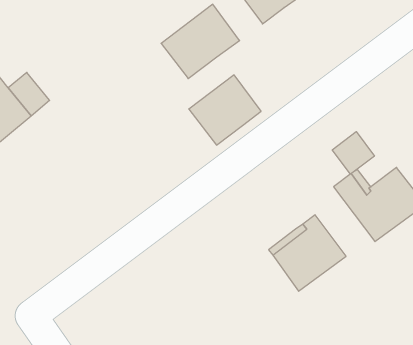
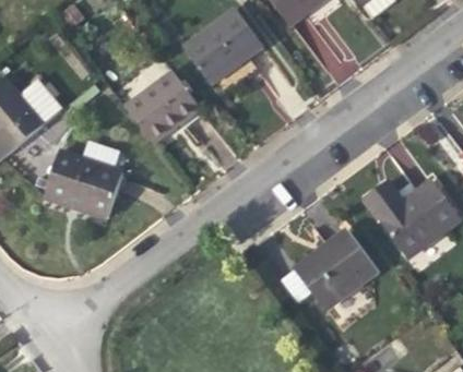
building: [189,75,261,145] -> [123,70,200,144]
building: [332,132,374,174] -> none
building: none -> [43,149,123,218]

